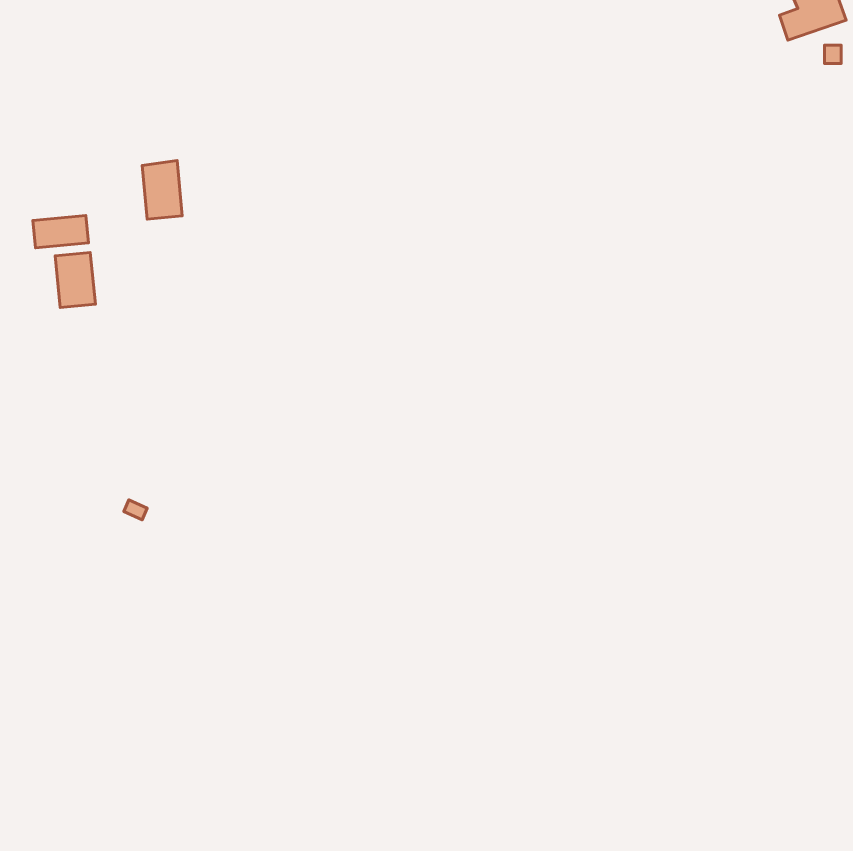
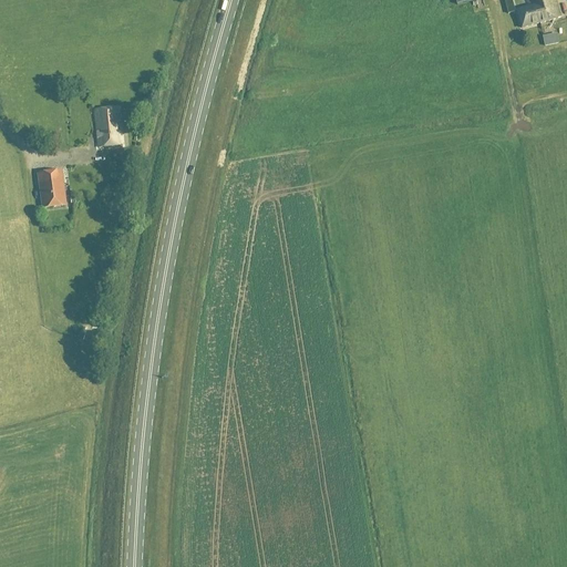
building: [33,216,89,248] -> none

